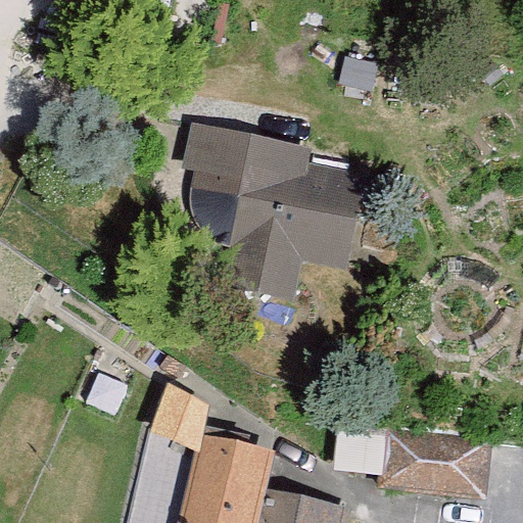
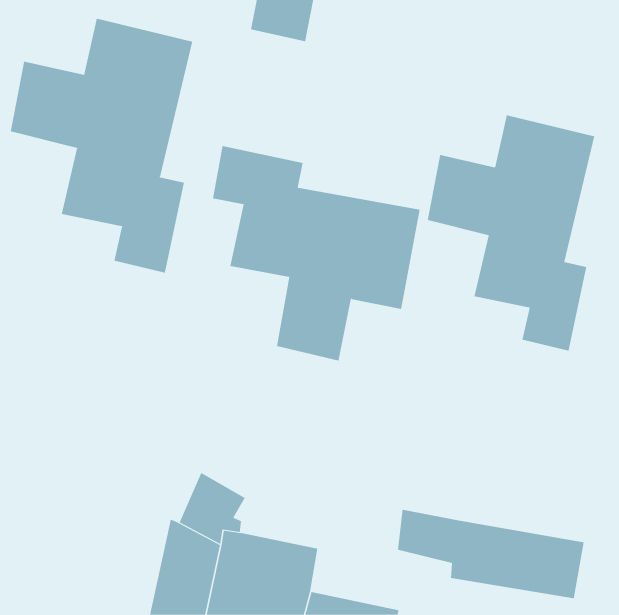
building: none -> [10,18,193,274]
building: none -> [427,114,595,351]

